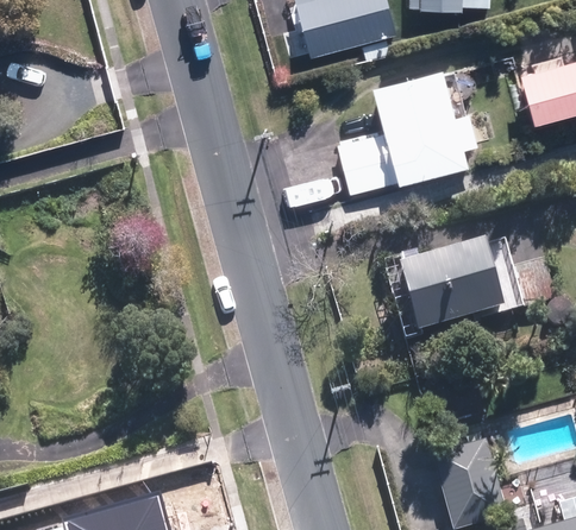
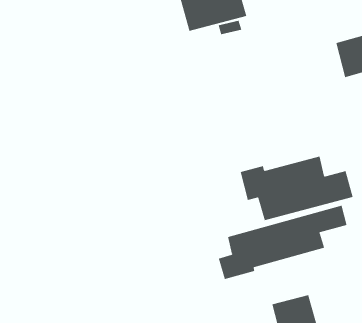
building: [336,69,481,194] -> none
building: none -> [218,205,347,280]

